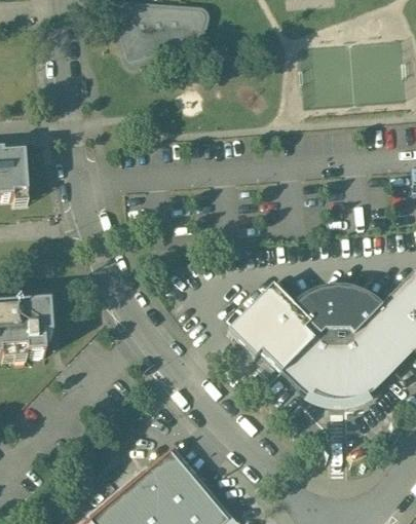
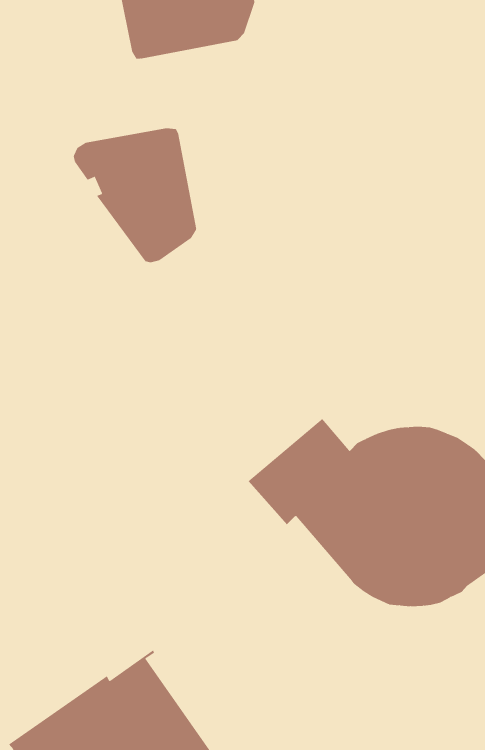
building: none -> [73,127,197,263]

